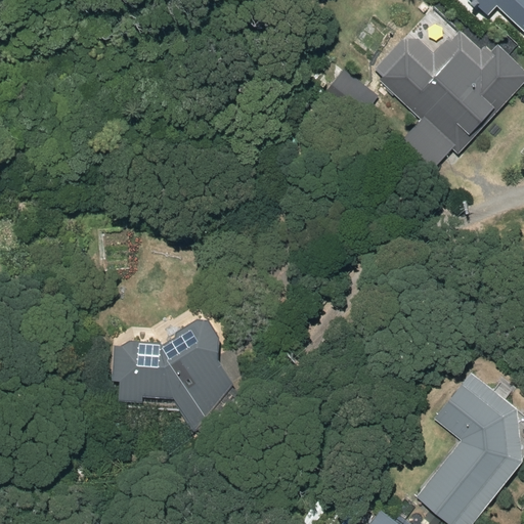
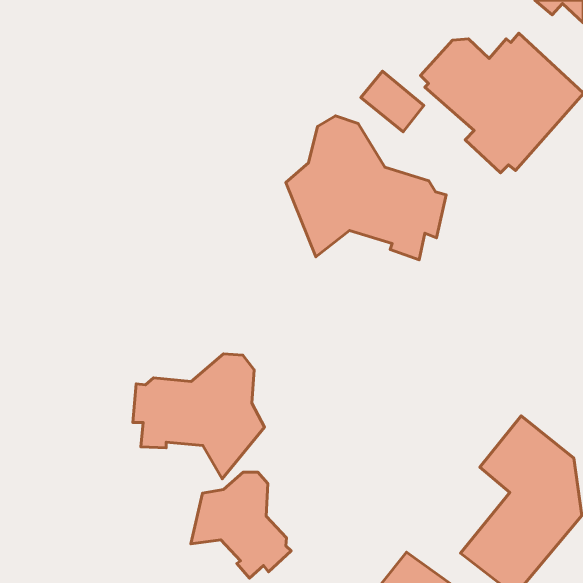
building: none -> [286,116,446,260]
building: none -> [191,472,291,578]

